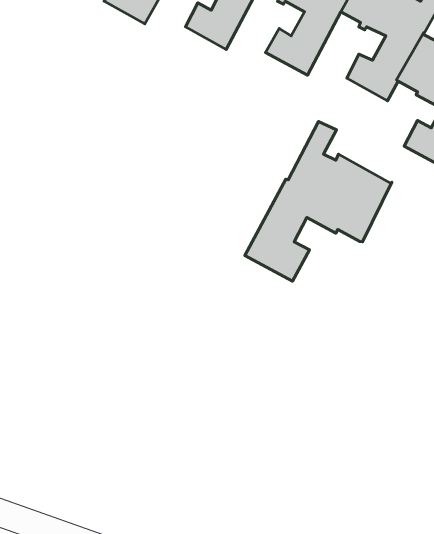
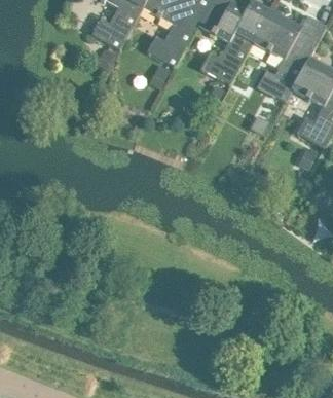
building: [245,122,392,281] -> none

